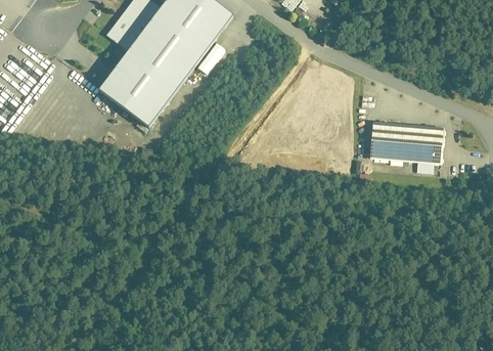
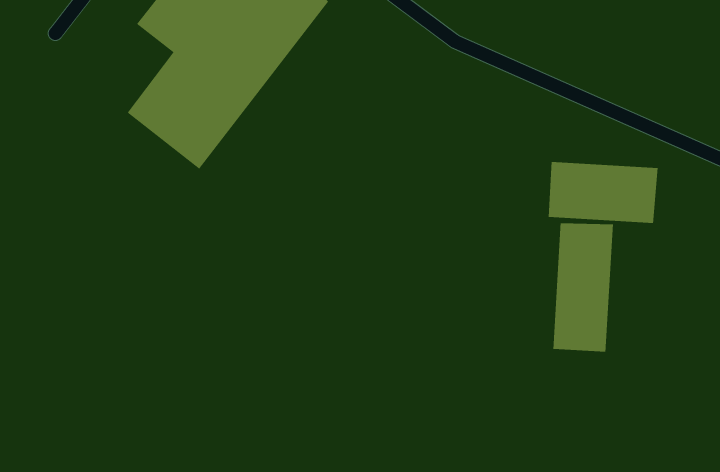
building: none -> [553,222,613,353]

